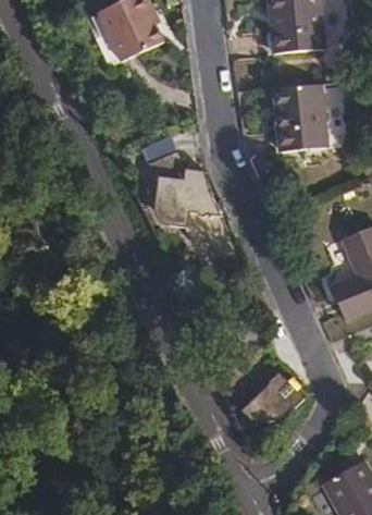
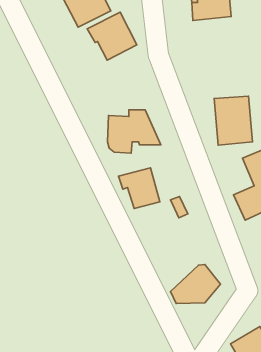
building: none -> [87,12,137,60]
building: [271,85,322,150] -> [214,96,253,145]
building: none -> [119,168,160,209]

